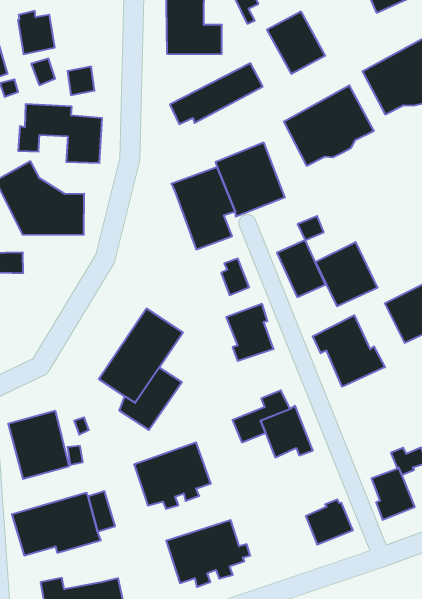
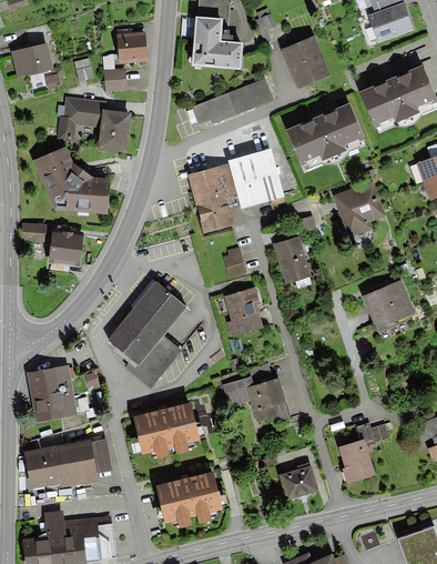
building: [18,11,55,54] -> [116,27,146,63]
building: [315,242,378,306] -> [334,180,386,234]
building: none -> [49,224,83,265]
building: [313,315,385,387] -> none

